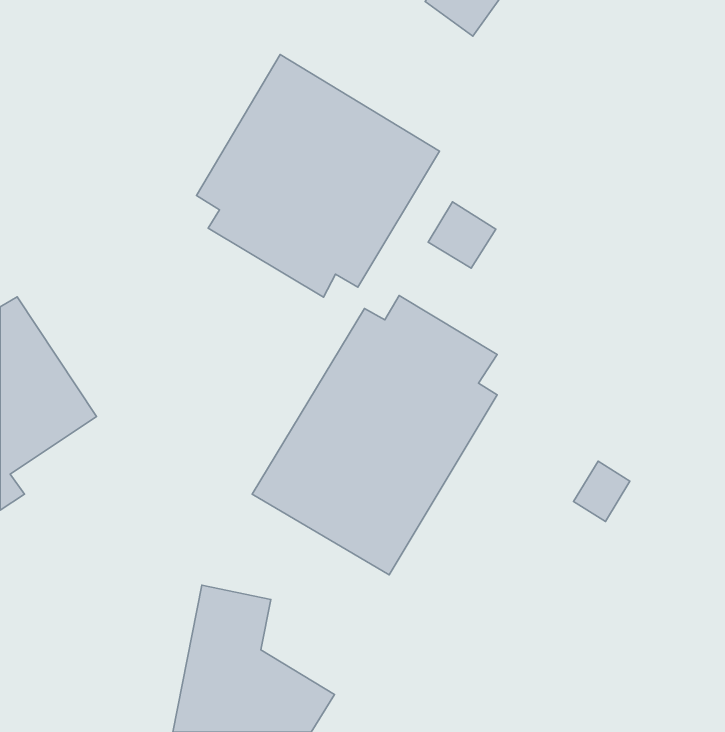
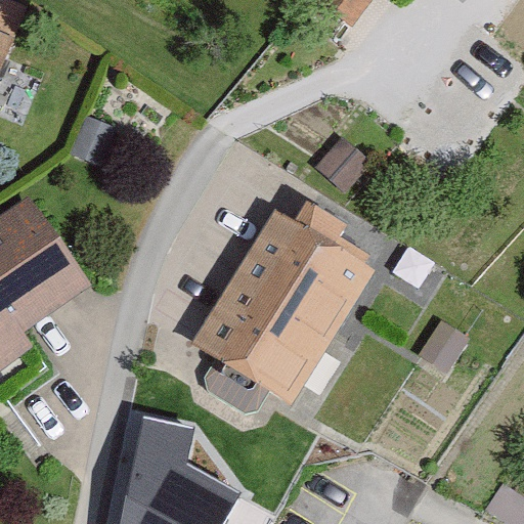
building: [196,54,439,297] -> none

